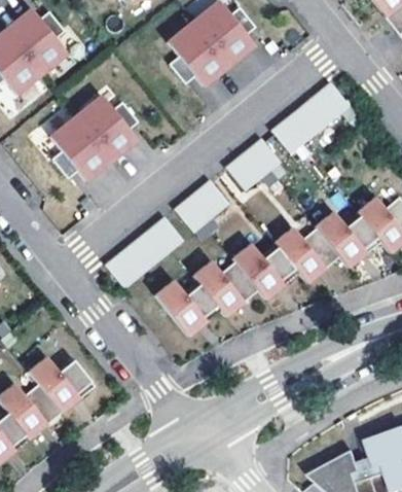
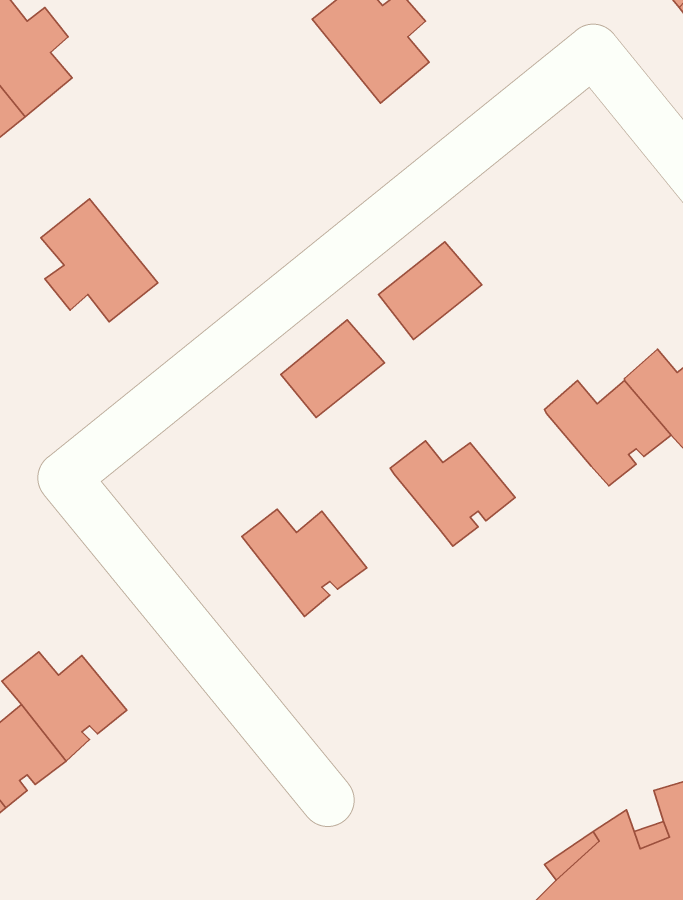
building: [167,22,228,86] -> none
building: [272,82,351,153] -> none
building: [75,96,137,161] -> none
building: [106,216,184,288] -> none
building: [273,229,339,284] -> none
building: [193,260,259,317] -> none

